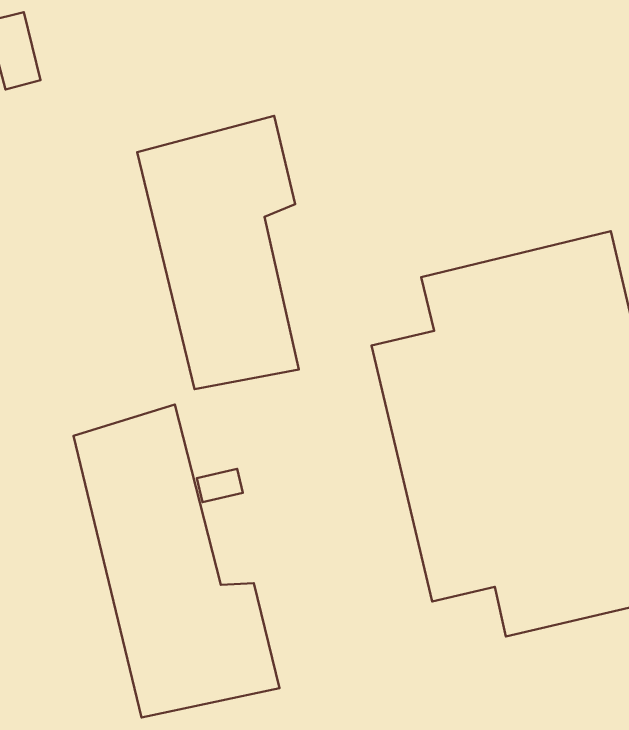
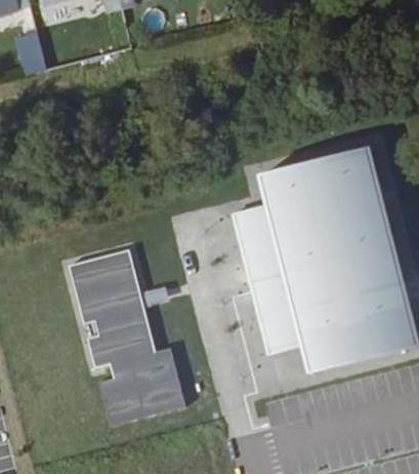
building: [137,116,299,389] -> none

